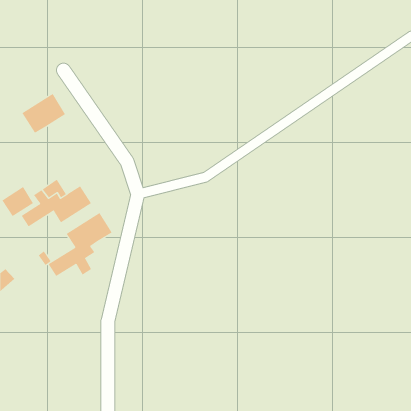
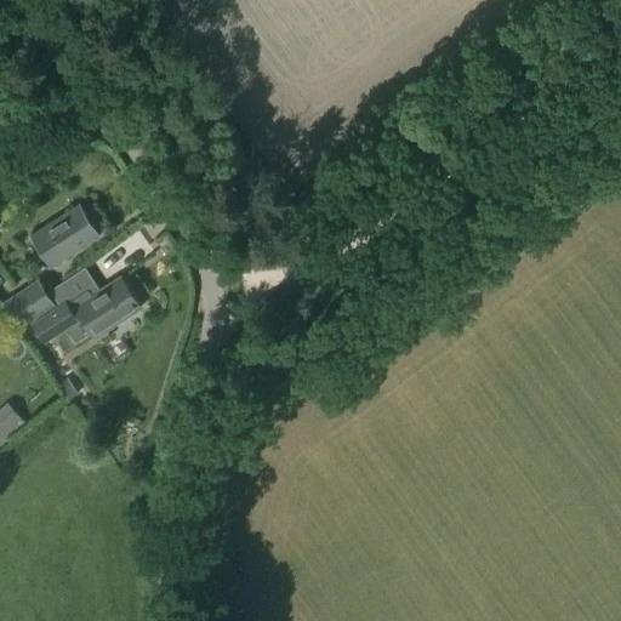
building: [22,93,66,133] -> [30,206,97,267]
building: [48,212,112,277] -> none

